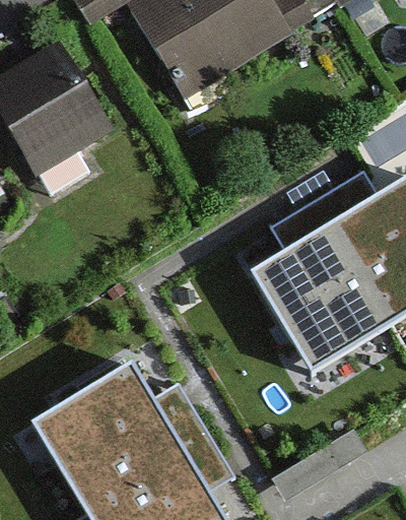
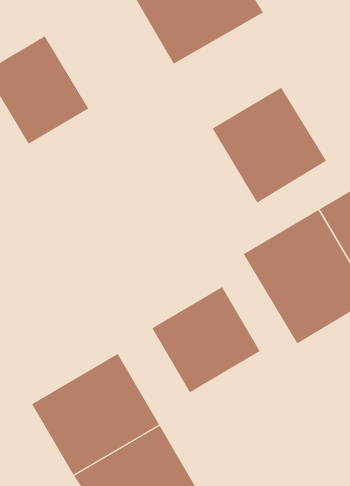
building: none -> [212,87,327,204]
building: none -> [152,286,261,393]

